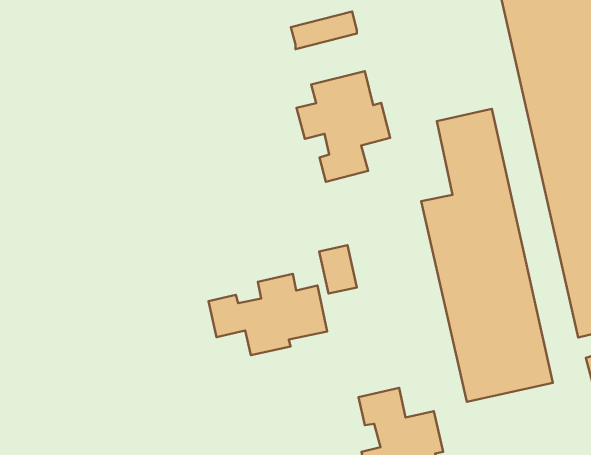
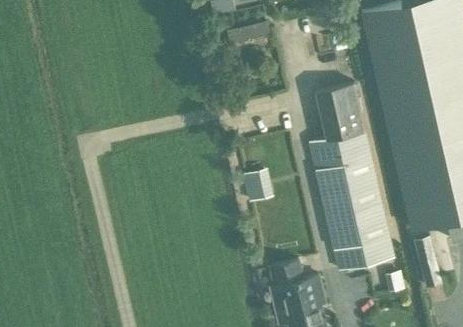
building: [297,71,390,182] -> none
building: [208,274,327,355] -> none

